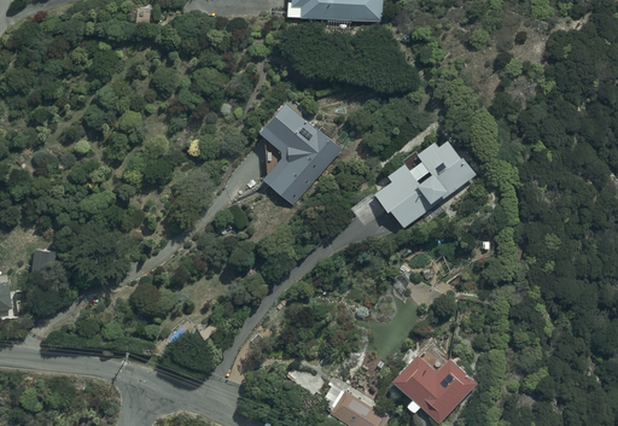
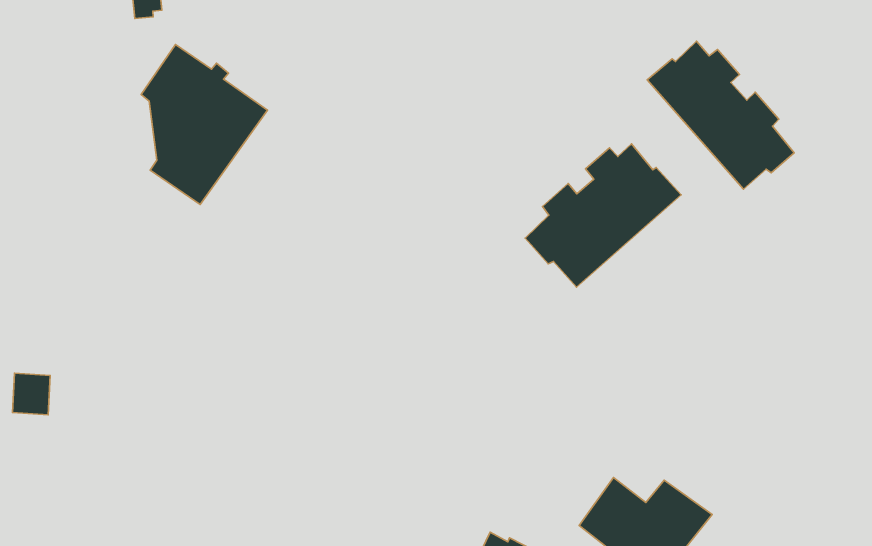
building: none -> [647,41,794,189]
building: [261,98,342,203] -> [141,45,268,204]

